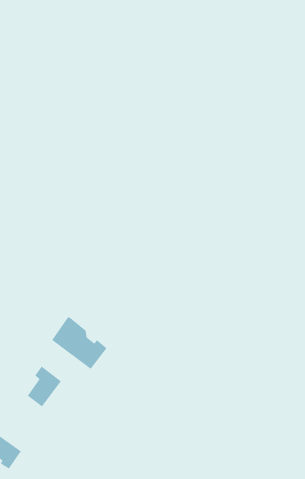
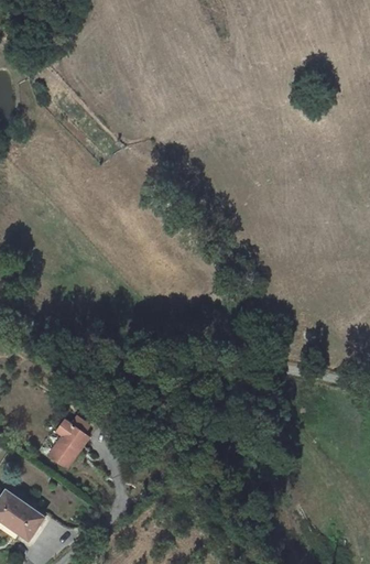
building: [51,316,107,370] -> none

